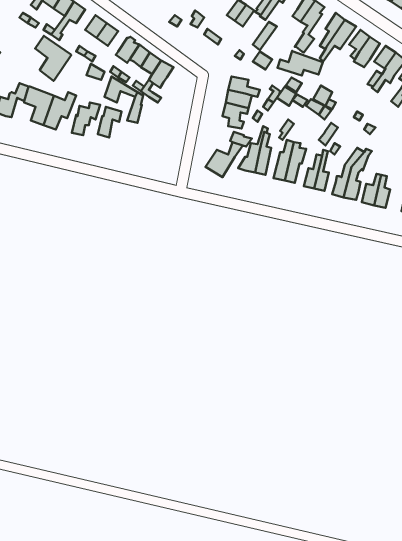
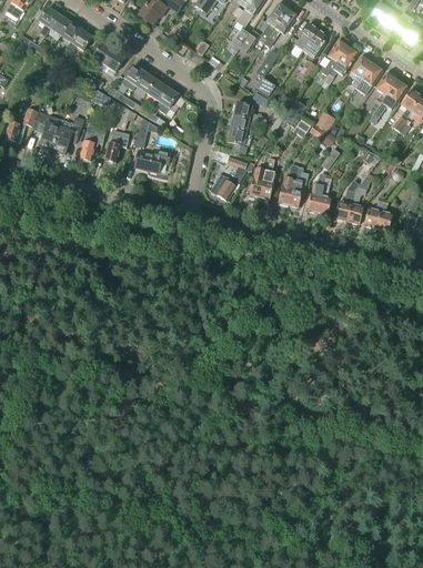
building: [35,36,71,81] -> none
building: [278,51,323,76] -> none
building: none -> [134,150,171,172]

